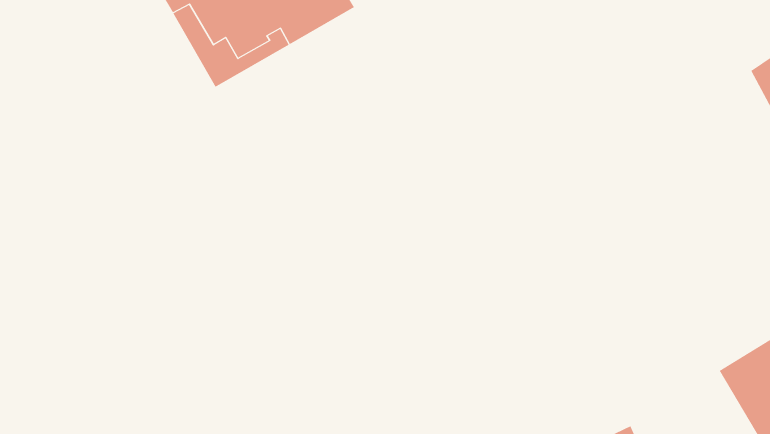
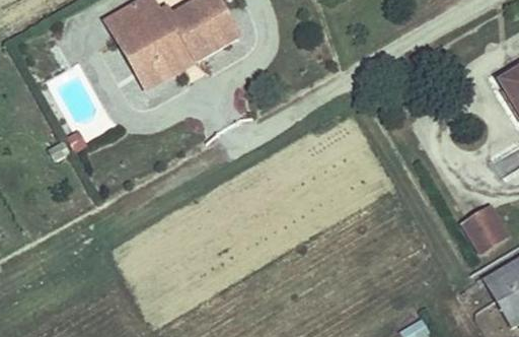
building: none -> [464,208,506,252]

